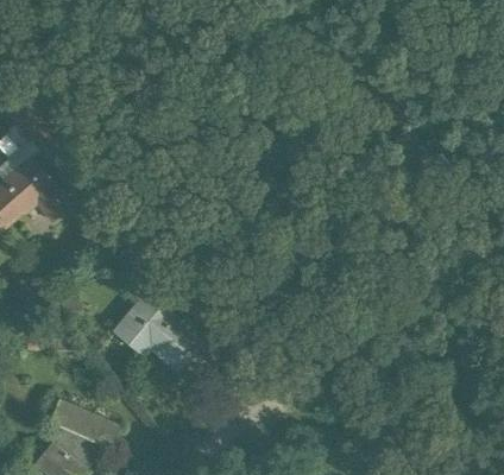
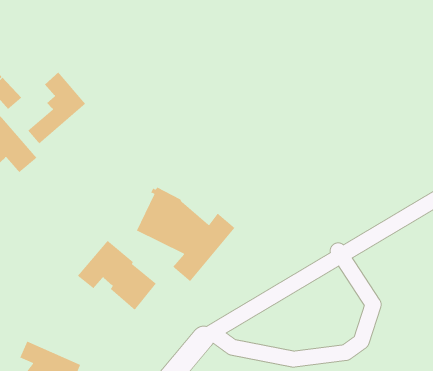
building: none -> [27,72,86,145]
building: none -> [136,187,235,282]

